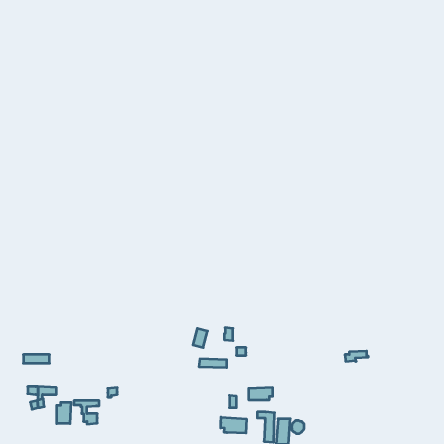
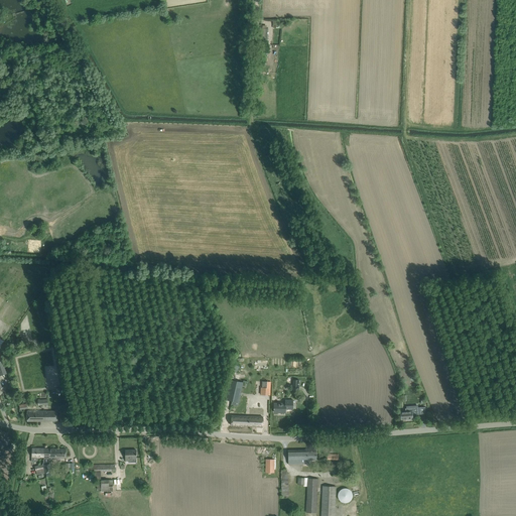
building: [57,402,71,424] -> none
building: [221,417,246,433] -> none

